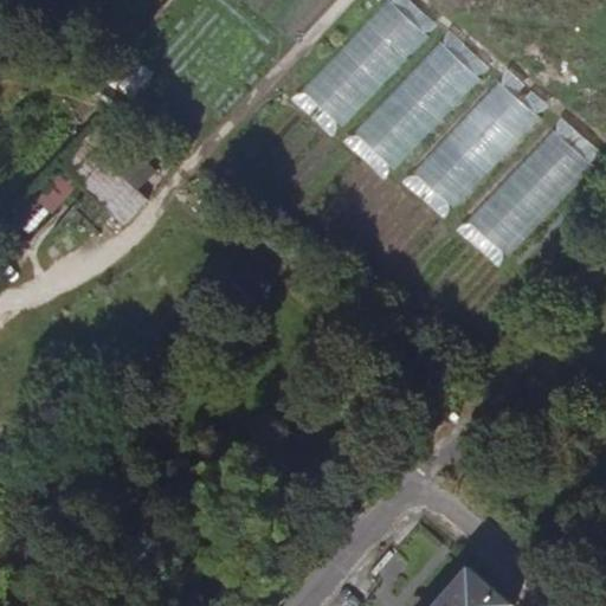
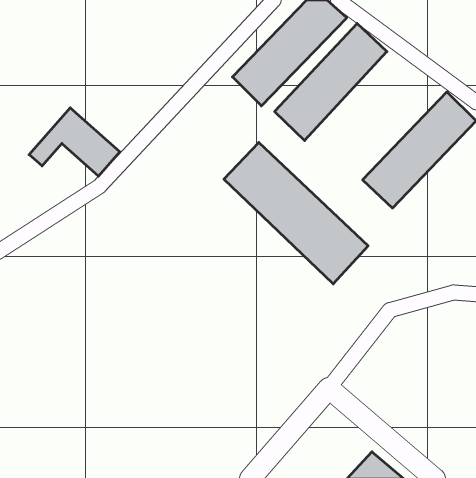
building: [405,70,548,217] -> none
building: none -> [224,142,368,284]

